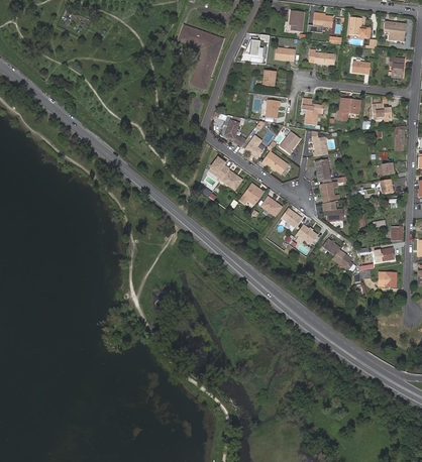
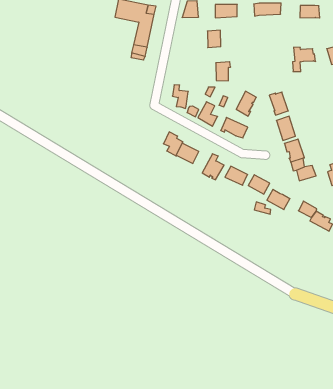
building: [301,97,324,125] -> none

